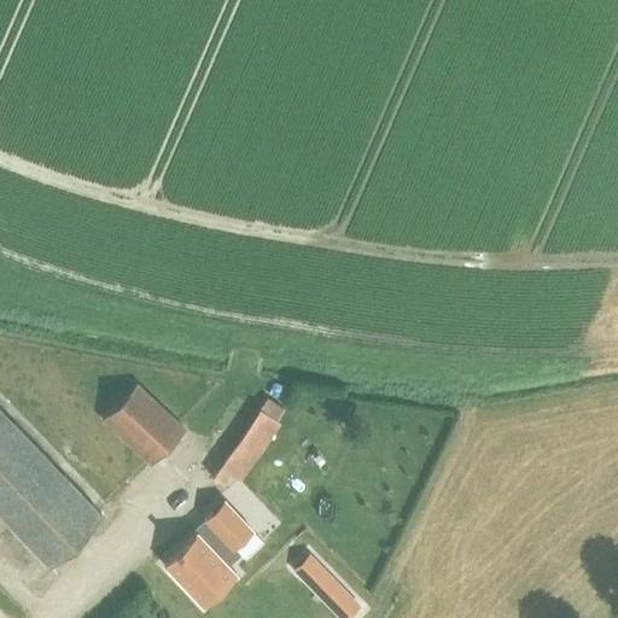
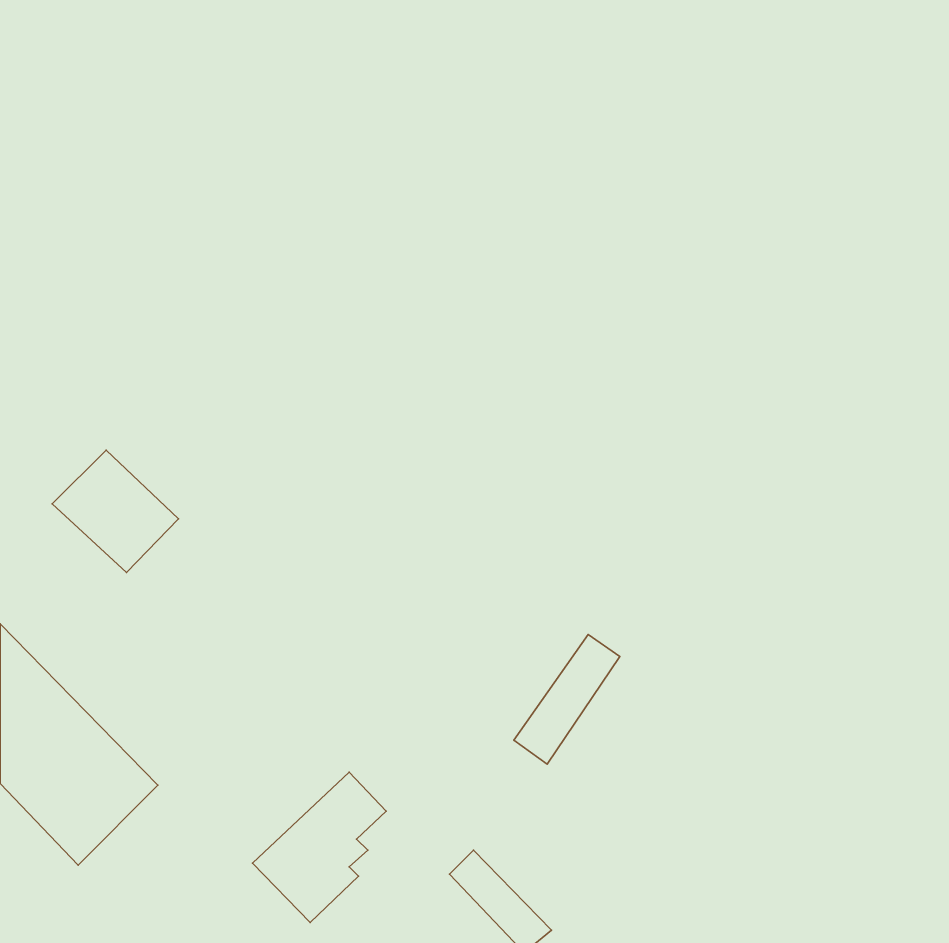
building: [101,386,183,466] -> [52,450,178,573]
building: [211,410,280,495] -> [514,634,620,764]

